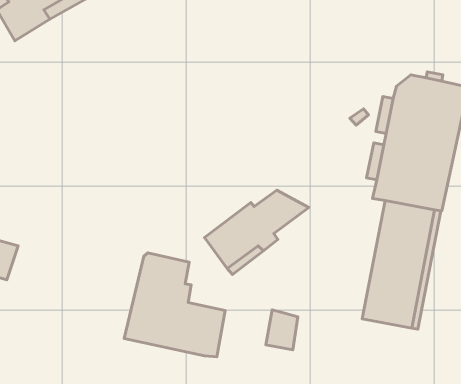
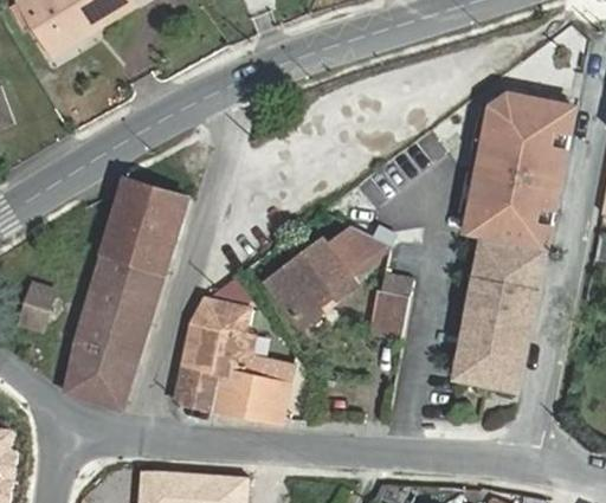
building: none -> [66,181,188,410]
building: [266,310,298,350] -> [372,289,408,335]

